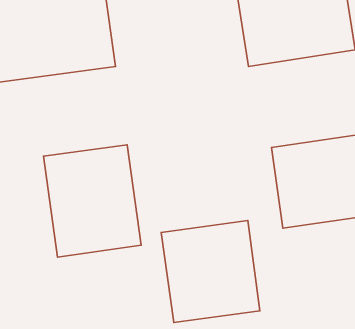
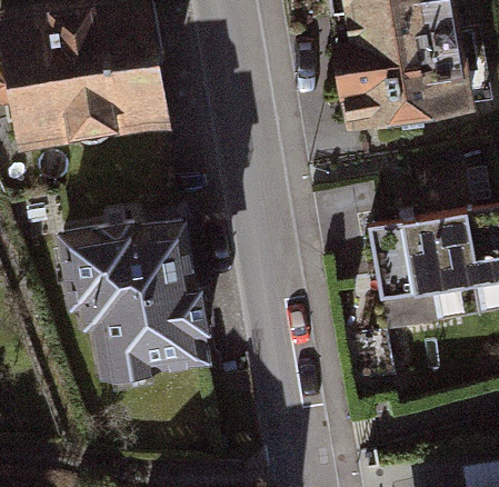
building: [161,220,260,323] -> none

